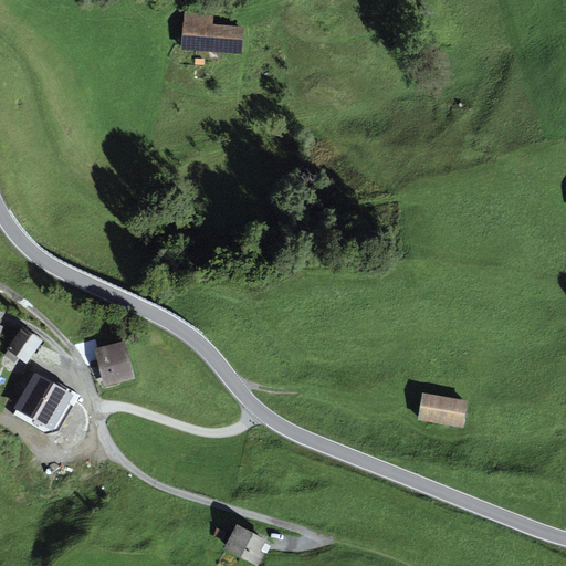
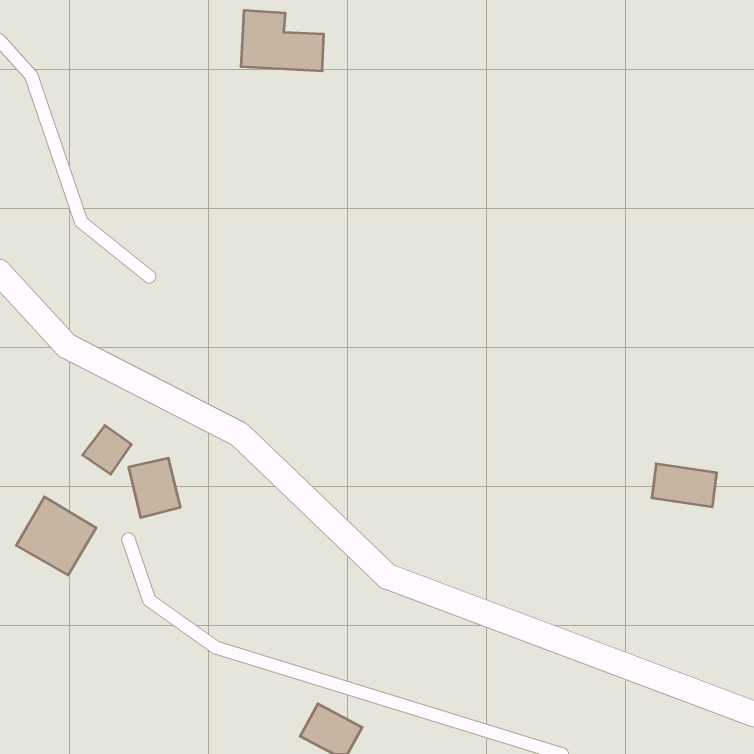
building: [4,326,41,363] -> [83,425,131,474]
building: [420,394,469,426] -> [652,464,717,507]

